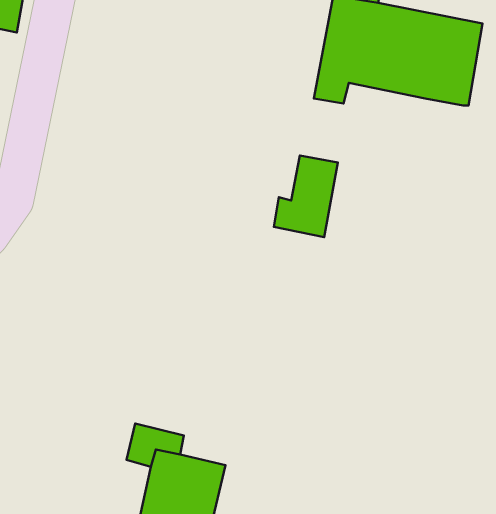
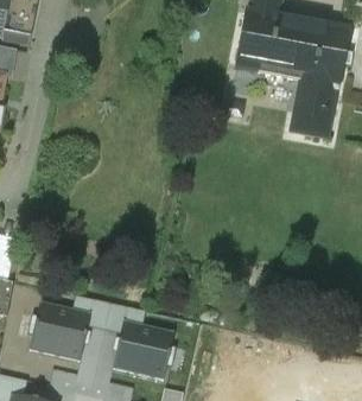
building: [274,155,338,237] -> [292,81,336,136]
building: none -> [32,303,90,357]

